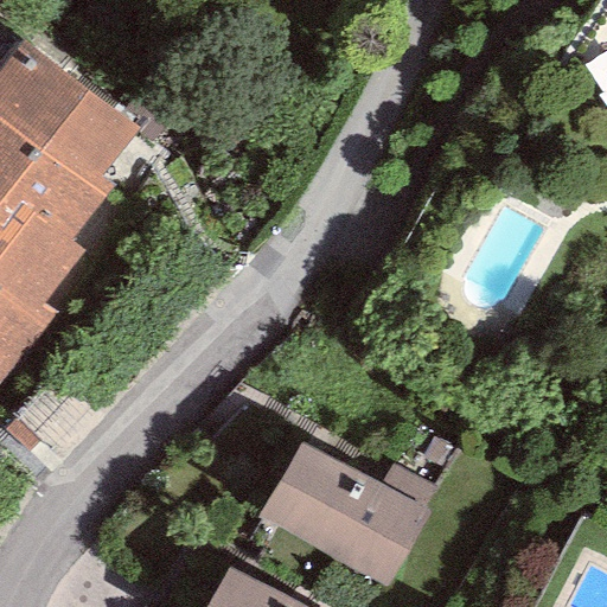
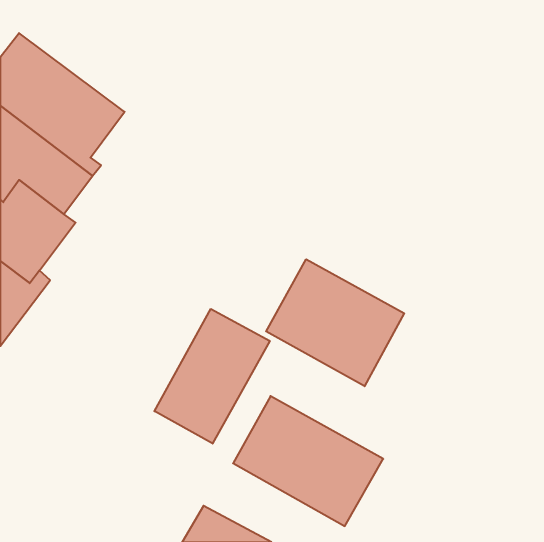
building: none -> [266,259,404,386]
building: none -> [154,309,270,444]

